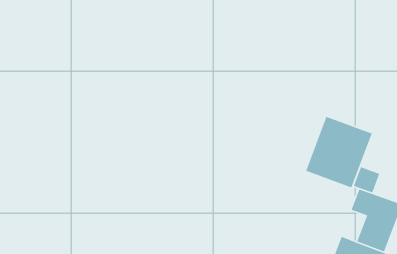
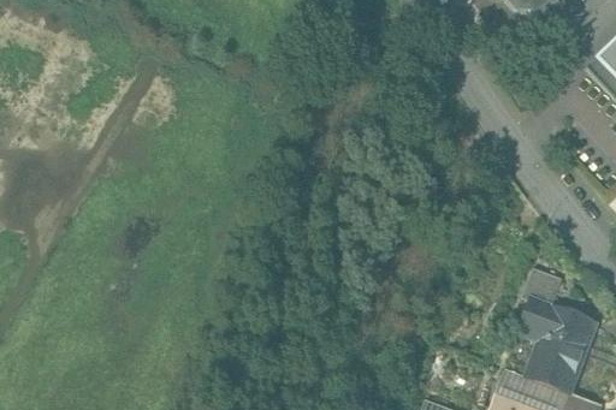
building: [305,116,373,189] -> none

